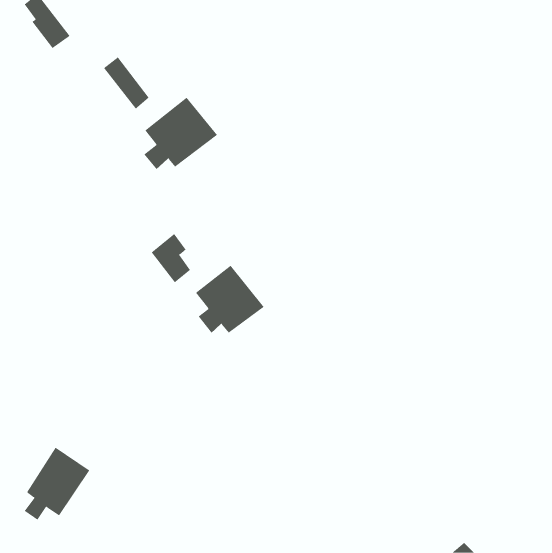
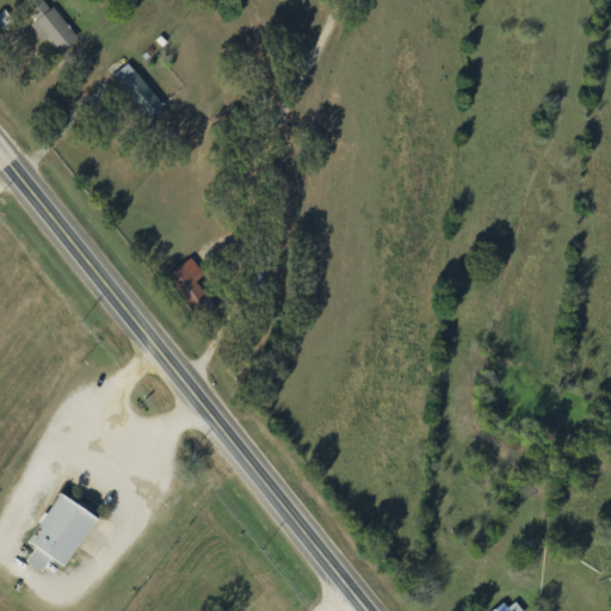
building: [144,97,218,170] -> none
building: [195,265,265,334] -> none

